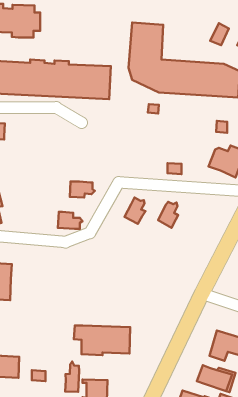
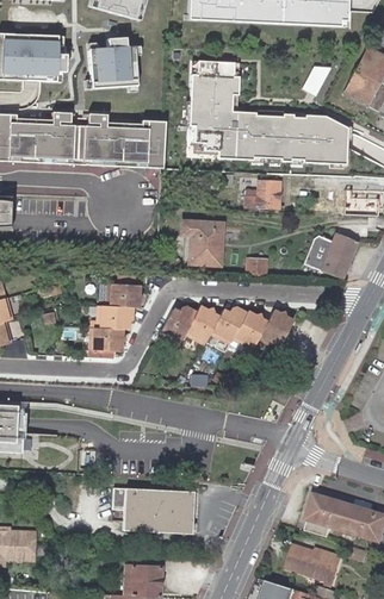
building: none -> [87,37,136,89]
building: none -> [243,180,280,208]
building: none -> [181,221,221,264]
building: none -> [95,306,132,329]
building: none -> [160,307,193,343]
building: none -> [209,310,242,344]
building: none -> [256,314,291,349]
building: [65,362,79,392] -> none

